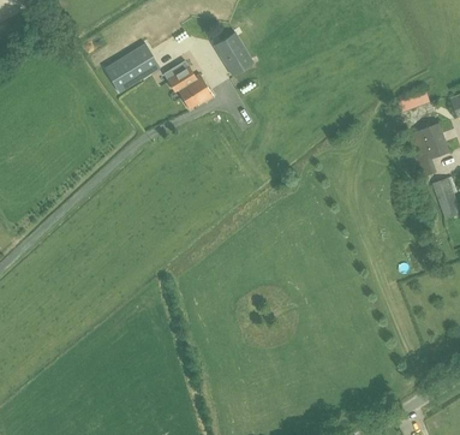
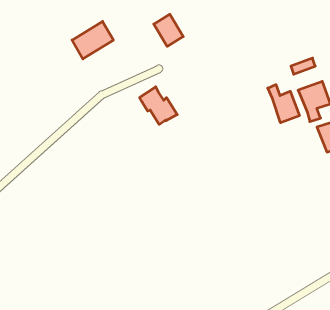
building: [162,59,213,109] -> [140,87,177,124]
building: none -> [268,85,299,123]

